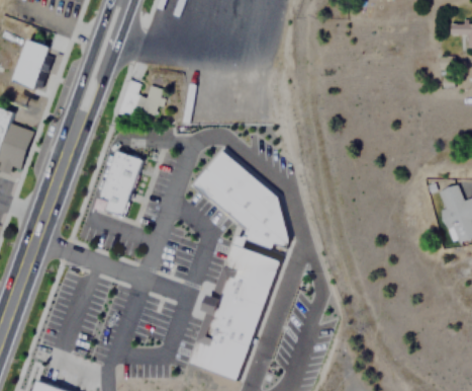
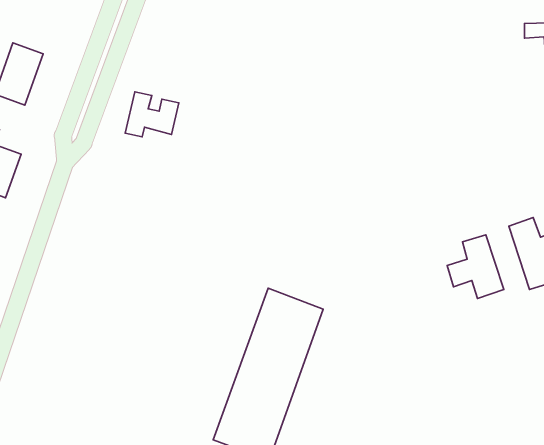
building: [197,148,284,260] -> none
building: [93,150,144,220] -> none
building: none -> [447,235,504,299]

